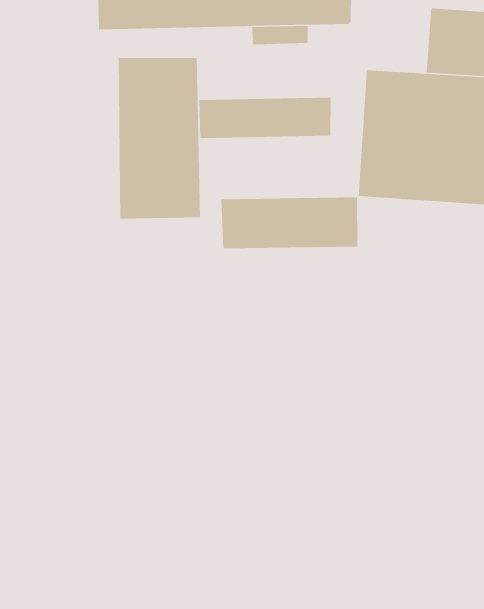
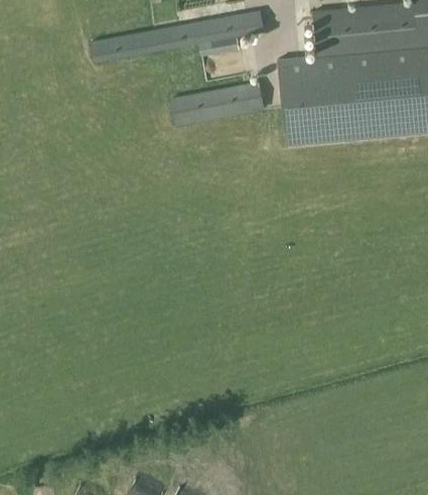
building: [118,57,201,219] -> none
building: [221,196,358,249] -> none

